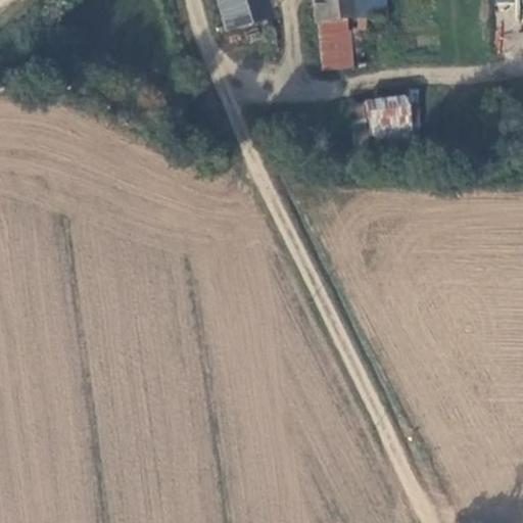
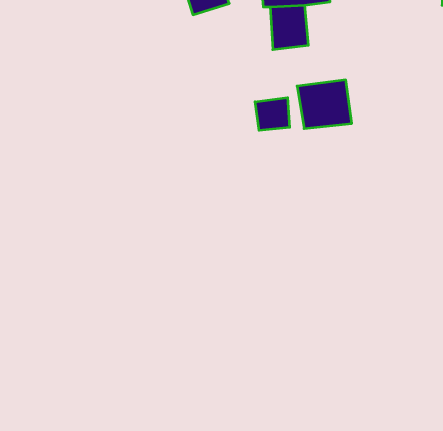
building: none -> [255,98,290,130]

